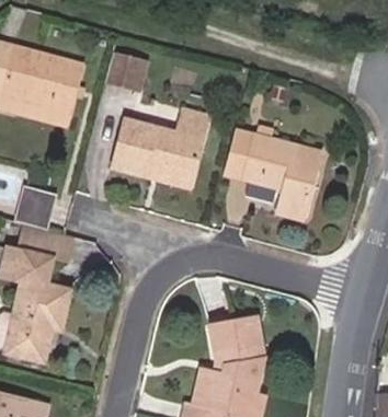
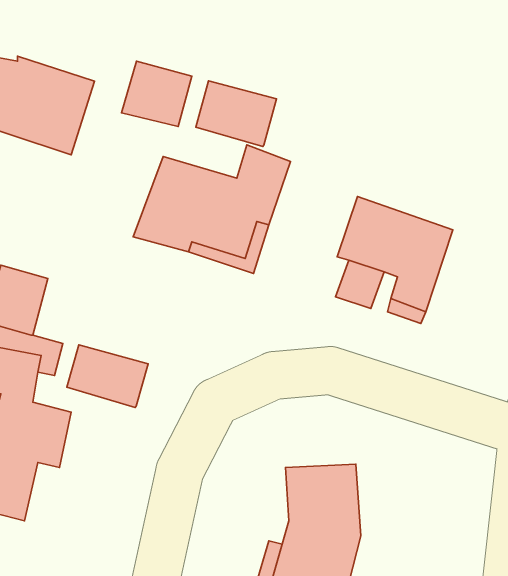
building: none -> [196,81,277,147]
building: [225,136,259,182] -> none
building: none -> [67,345,148,408]

